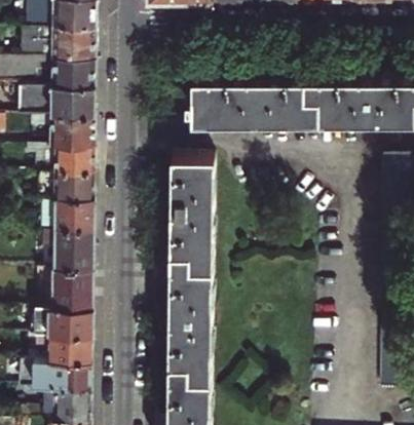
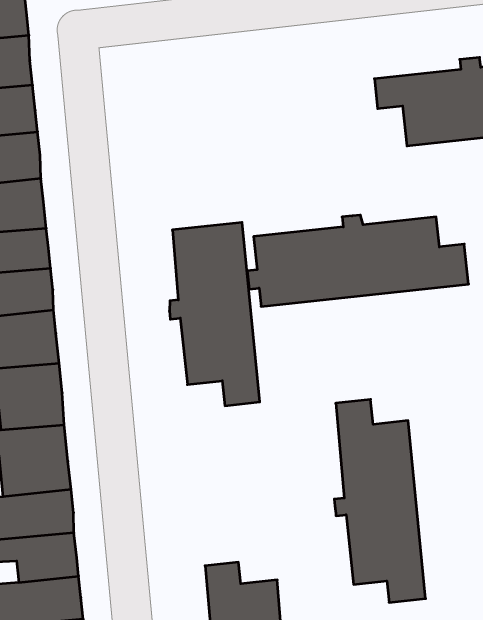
building: [185,79,319,128] -> [247,215,469,306]
building: [162,260,213,385] -> [334,399,426,602]

